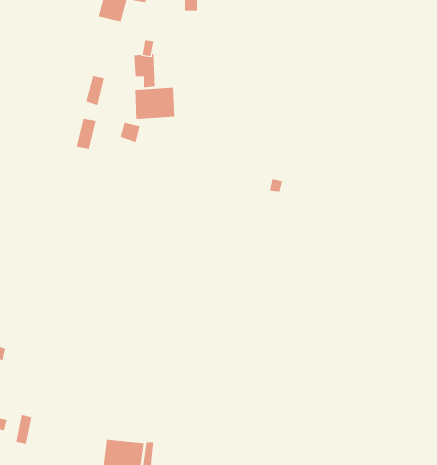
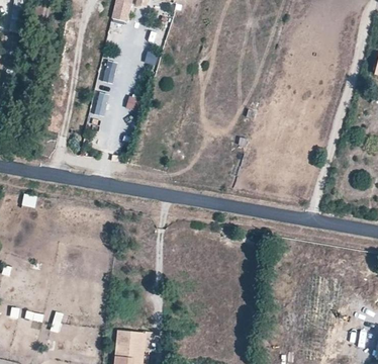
building: [135,87,175,120] -> none

